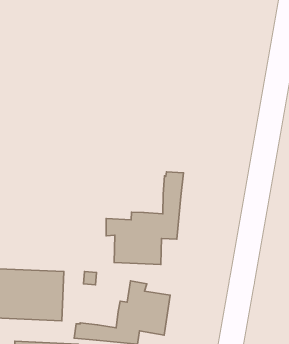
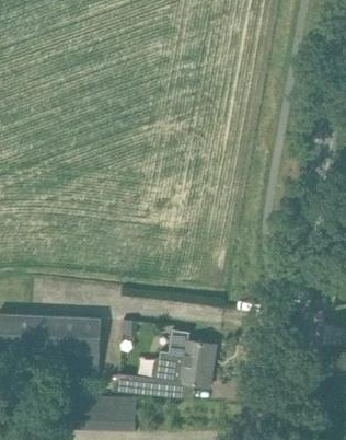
building: [106,172,183,265] -> none

